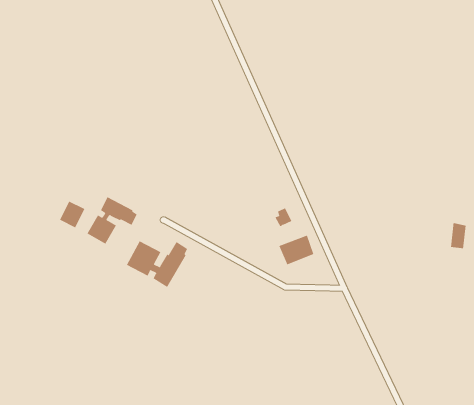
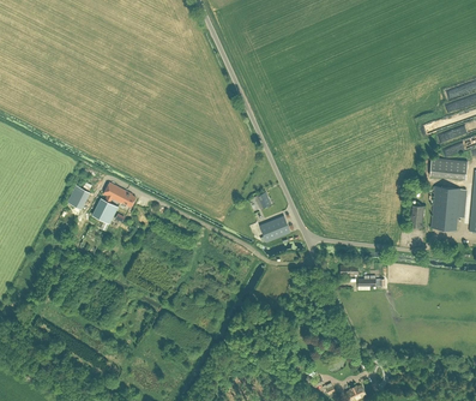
building: [126,240,188,288] -> none

